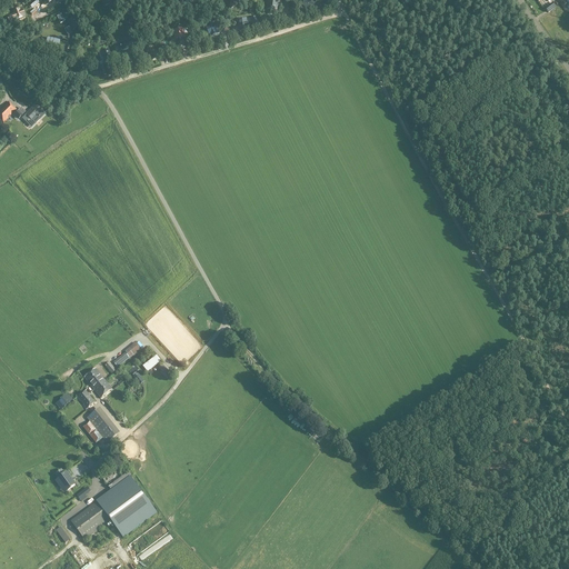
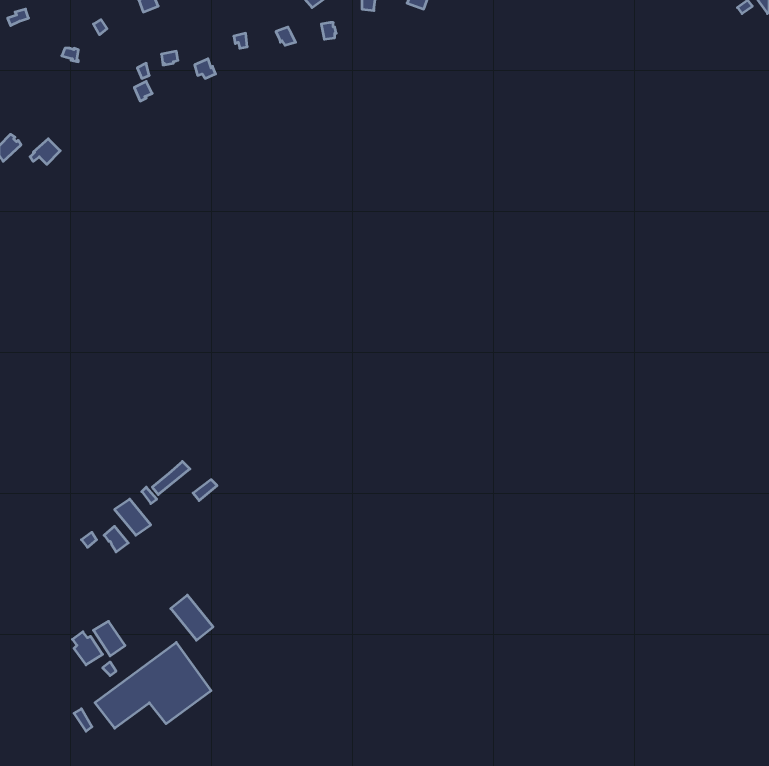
building: [87,406,118,439] -> [171,595,213,640]

